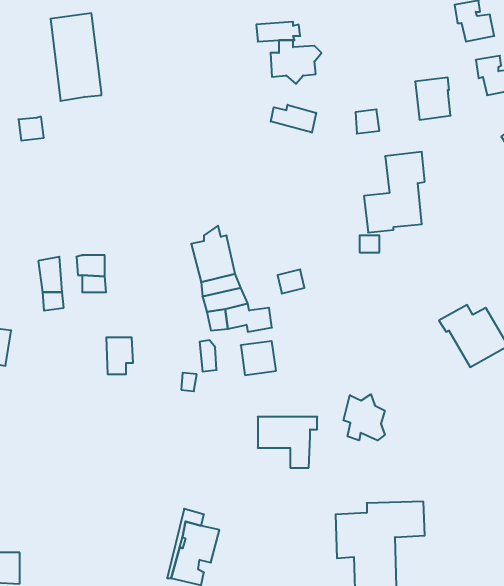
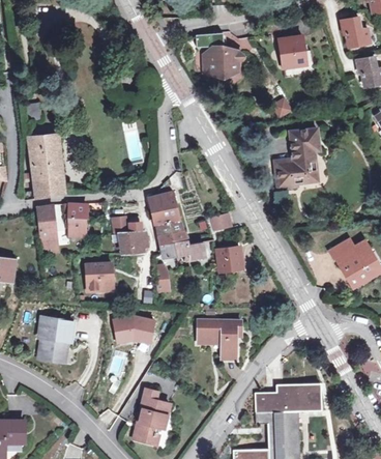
building: [50,13,101,101] -> [28,135,65,199]
building: [415,77,451,120] -> [281,37,306,68]
building: [271,105,316,133] -> none
building: none -> [111,216,150,255]
building: [241,341,276,375] -> [217,248,243,272]
building: [343,394,385,440] -> none
building: none -> [112,315,153,344]
building: none -> [39,318,74,363]

